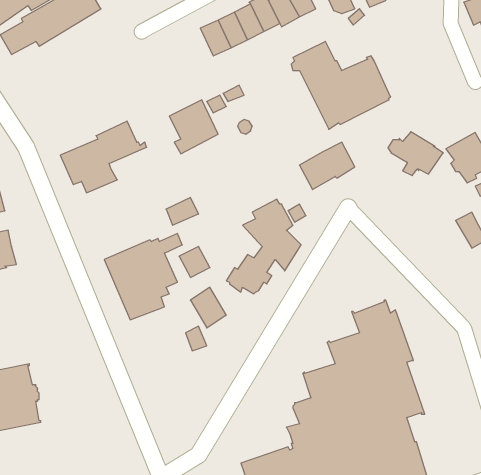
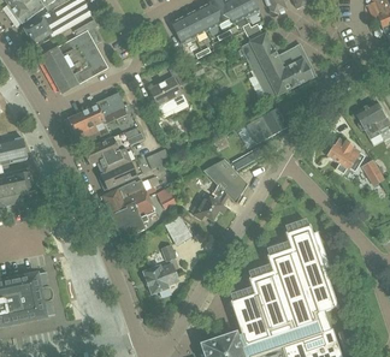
building: none -> [40,19,107,94]
building: [388,132,443,176] -> [324,141,365,173]
building: none -> [81,127,143,190]
building: none -> [142,263,177,296]

